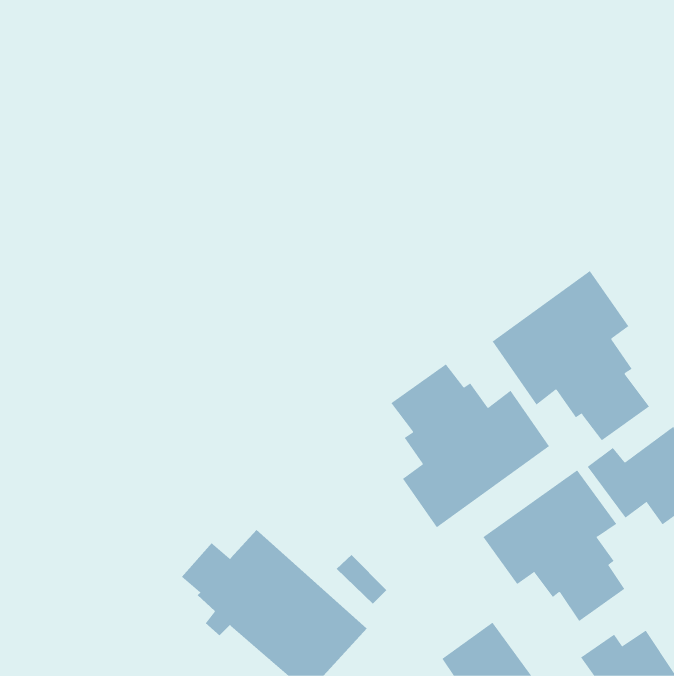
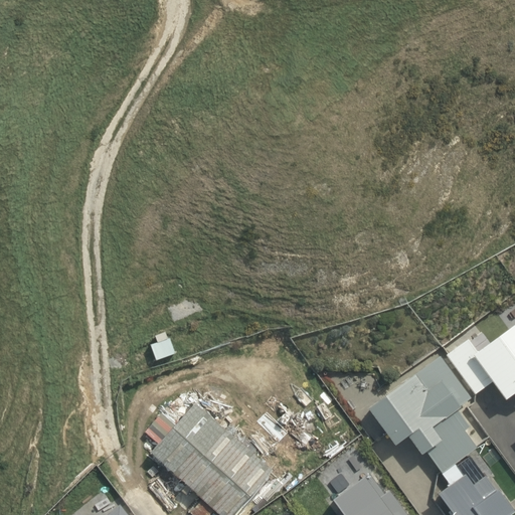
building: [492,270,650,441] -> none
building: [391,364,550,528] -> none

